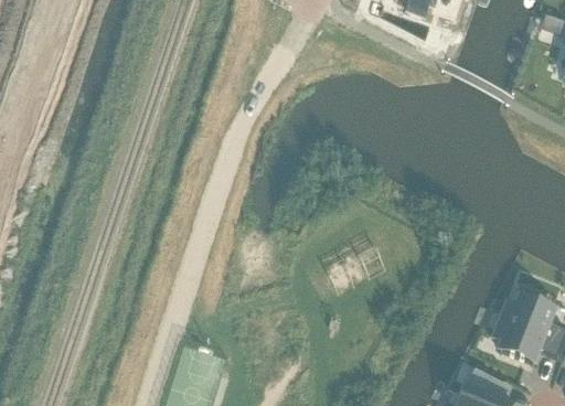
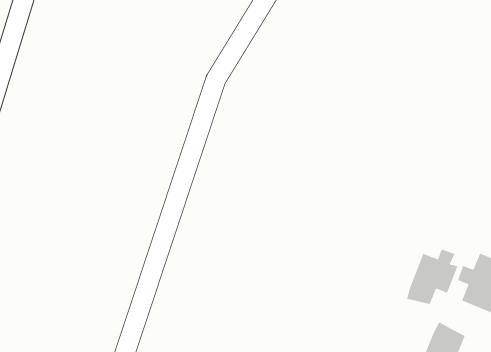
building: none -> [405,248,458,305]

